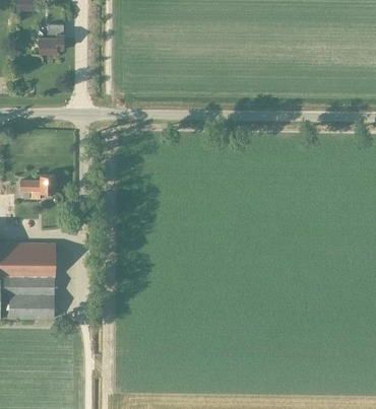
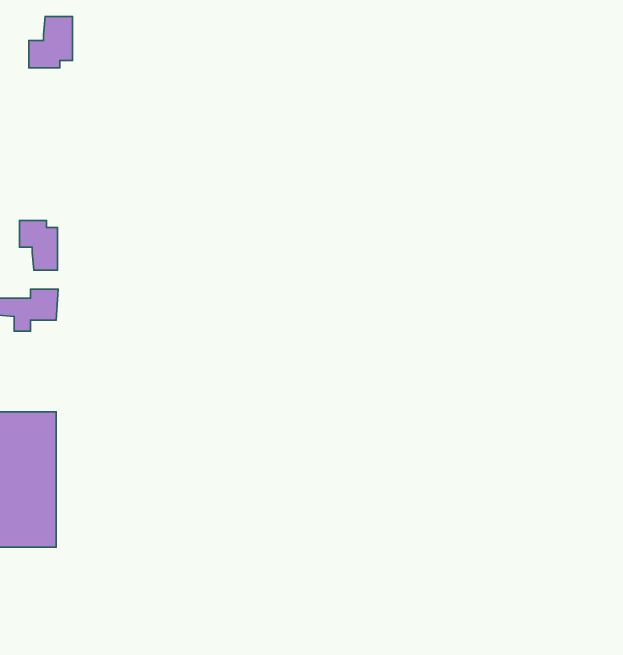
building: none -> [20,221,57,270]

